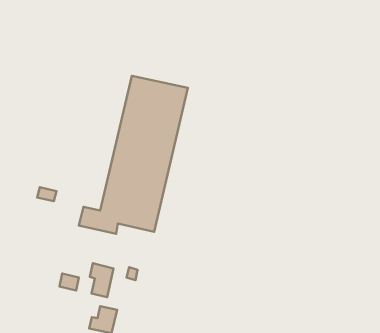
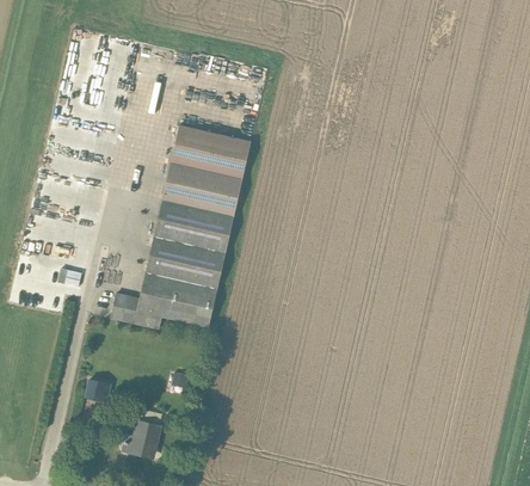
building: [90,263,114,297] -> none

